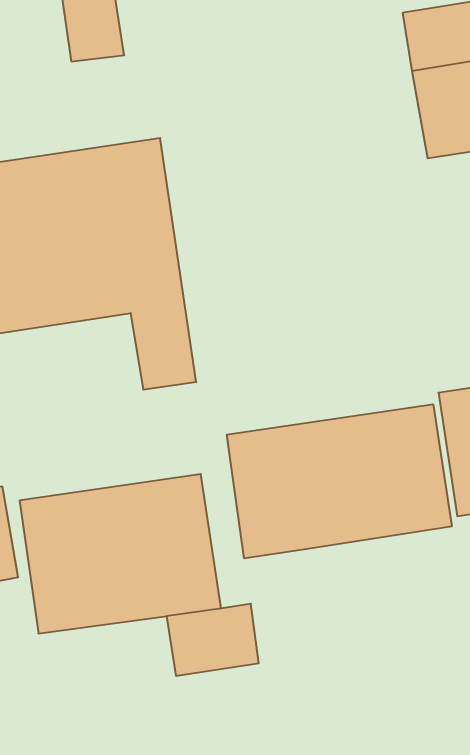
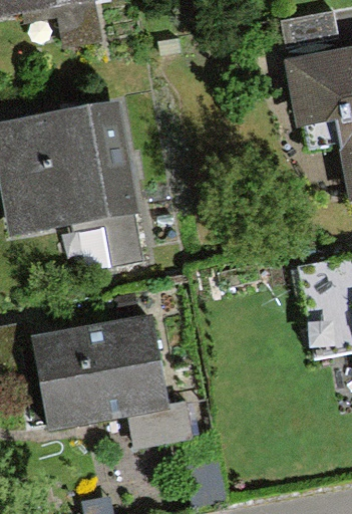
building: [227,404,452,558] -> none

